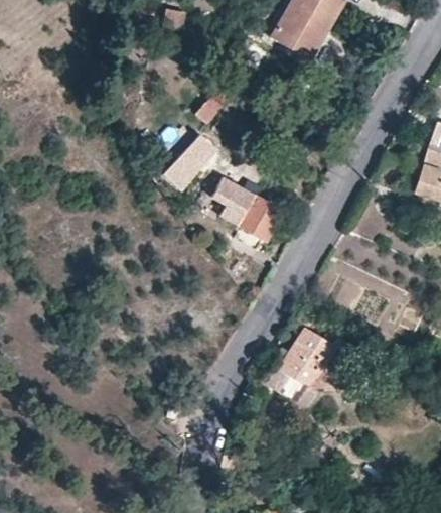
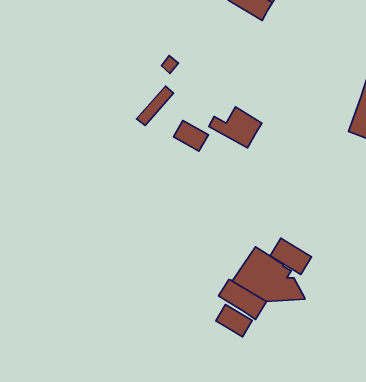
building: [219,194,282,242] -> [209,107,262,148]
building: none -> [270,238,311,275]
building: none -> [216,304,252,337]

